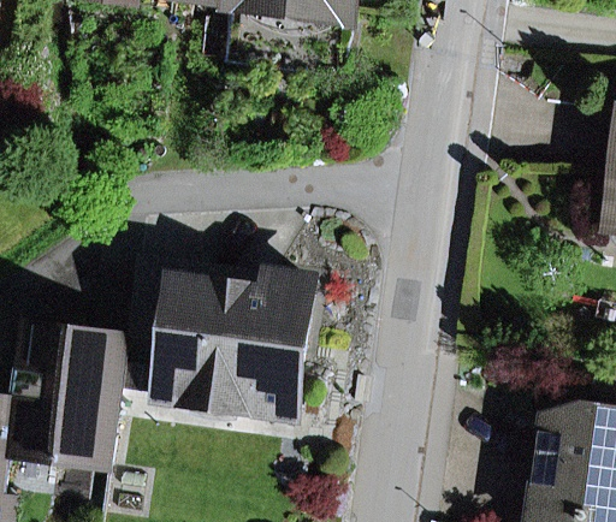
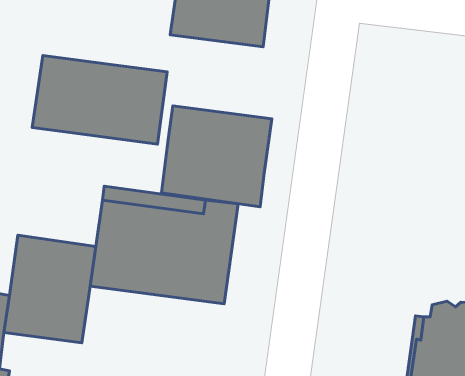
building: none -> [32,56,167,144]
building: none -> [161,106,272,207]

